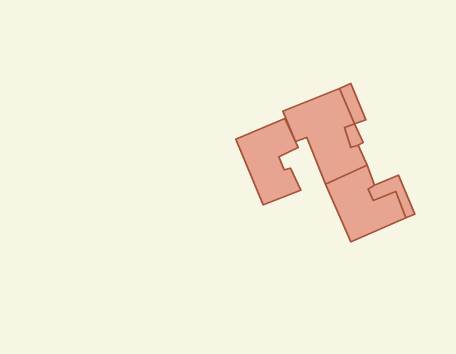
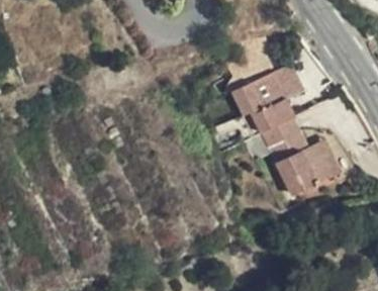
building: [236,119,301,205] -> none

